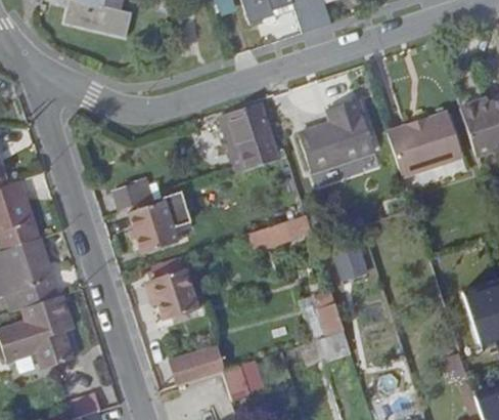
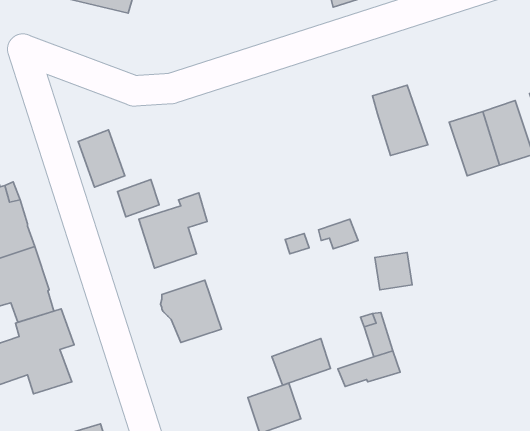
building: [223,104,292,173] -> none
building: [307,125,345,170] -> none
building: none -> [78,130,125,187]
building: [173,342,223,382] -> [272,339,330,385]

